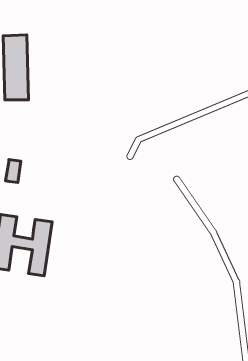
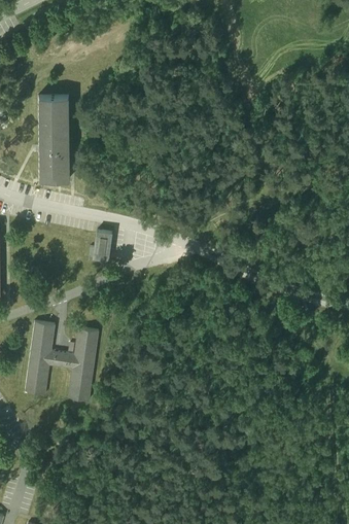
building: [5,159,21,182] -> [93,231,112,259]

